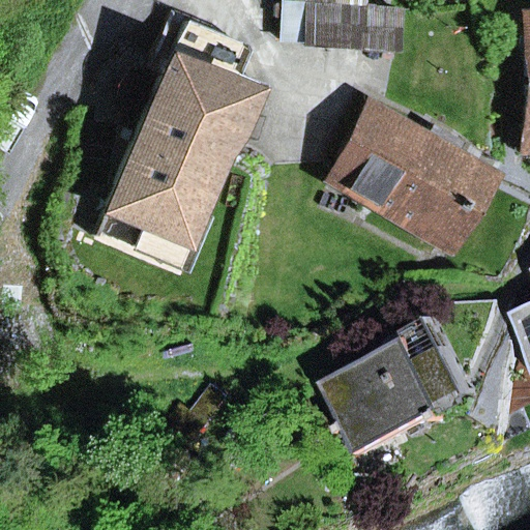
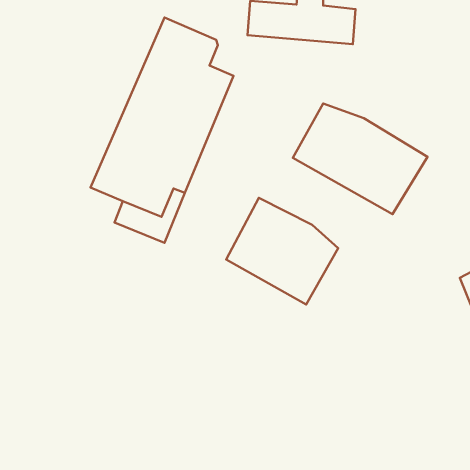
building: none -> [226,198,338,305]
building: [328,322,479,453] -> none

